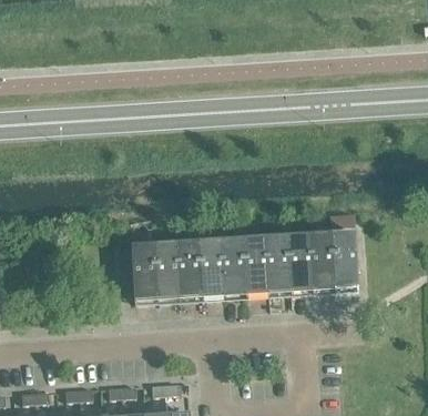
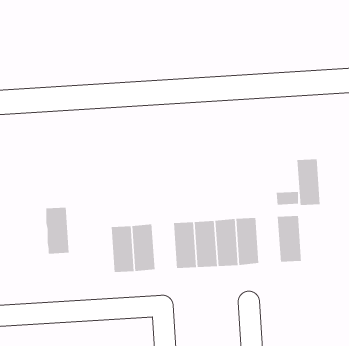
building: [308,235,334,285] -> [297,159,321,206]
building: [197,242,223,292] -> none
building: [131,246,156,297] -> [46,207,70,255]

